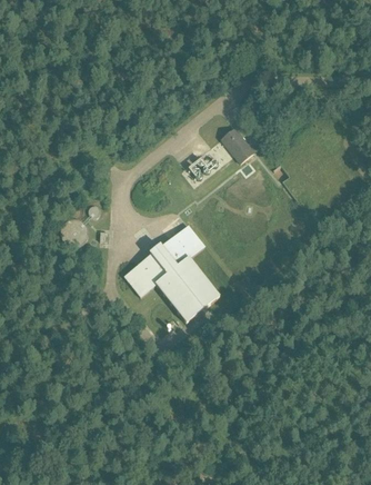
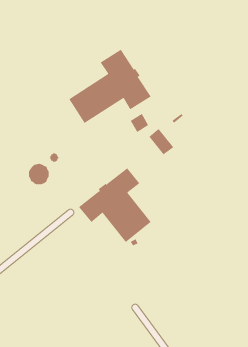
building: none -> [69,49,151,124]
building: [220,127,253,161] -> [148,128,174,155]

